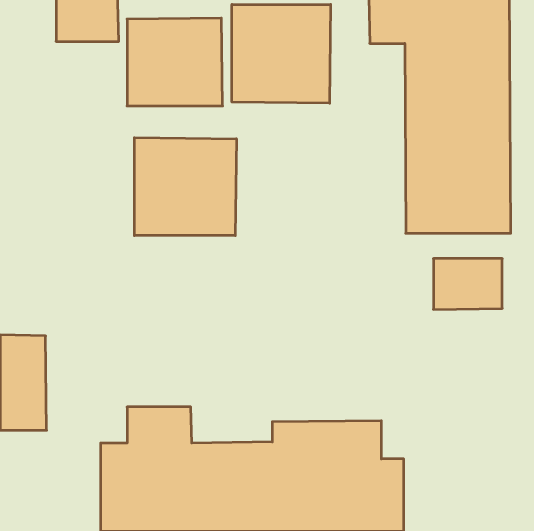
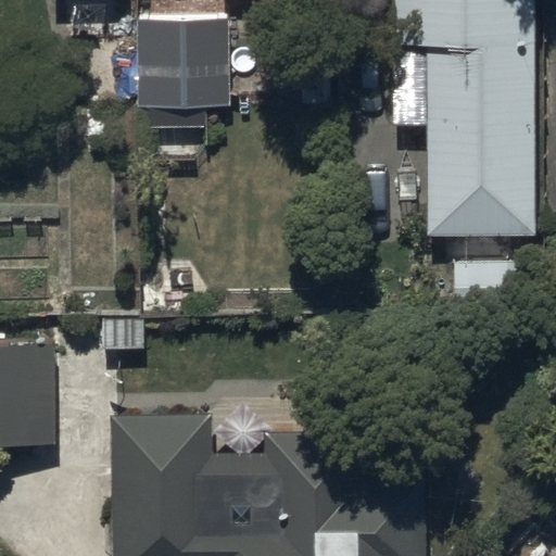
building: [232,4,331,103] -> none
building: [134,138,236,236] -> none

